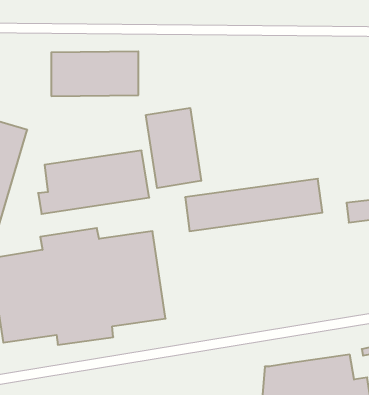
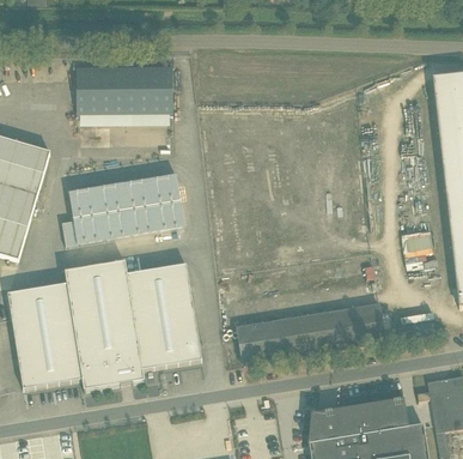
building: [146,108,201,188] -> none
building: [185,179,322,231] -> [231,302,382,360]

